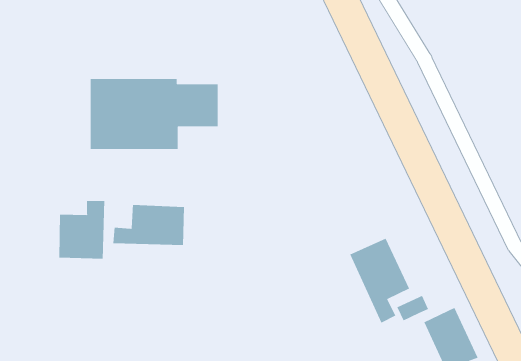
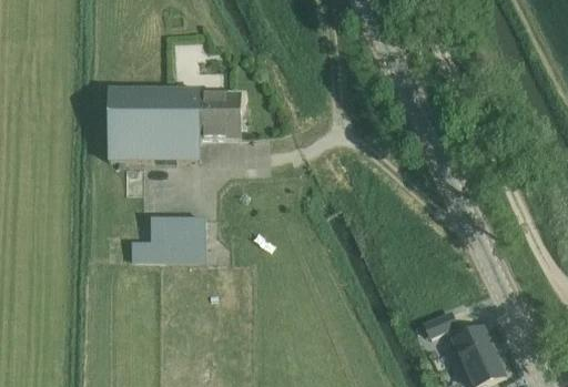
building: [59,200,105,259] -> none
building: [350,238,410,323] -> none

